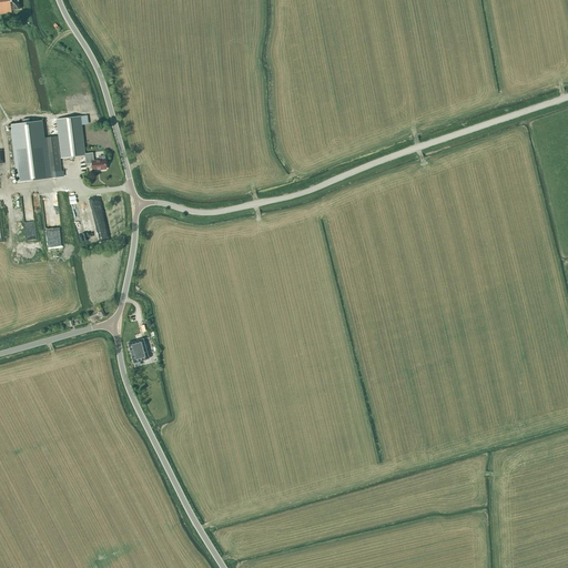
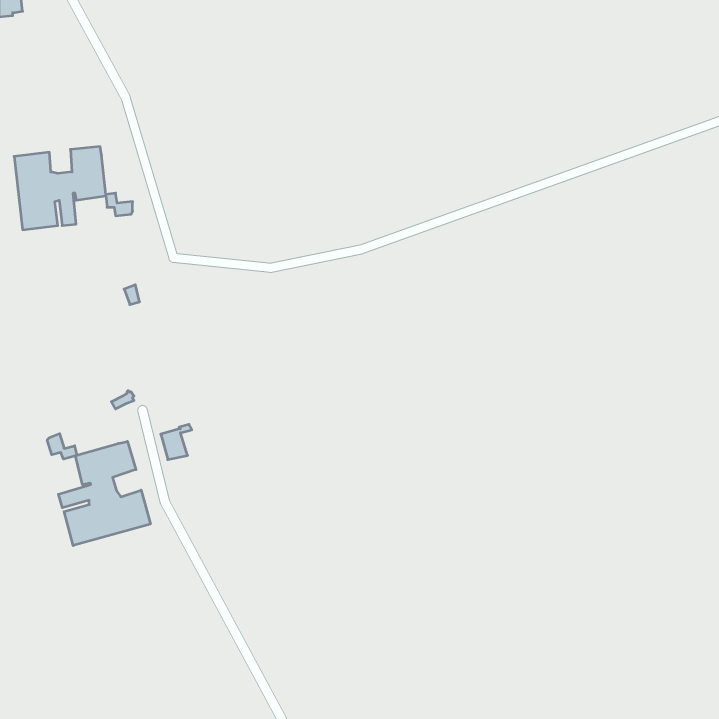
building: none -> [47,434,150,546]

